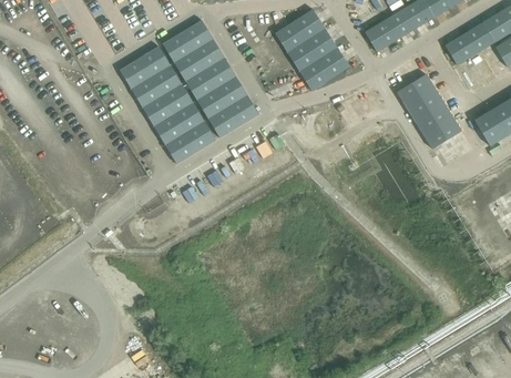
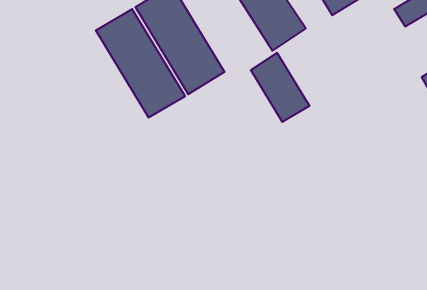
building: [397,73,461,149] -> [251,53,310,122]

